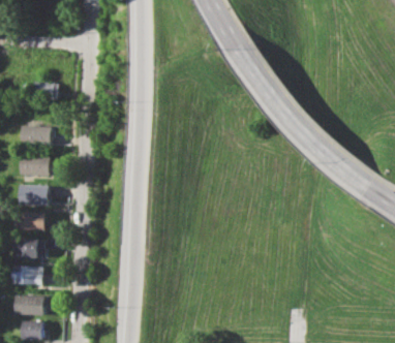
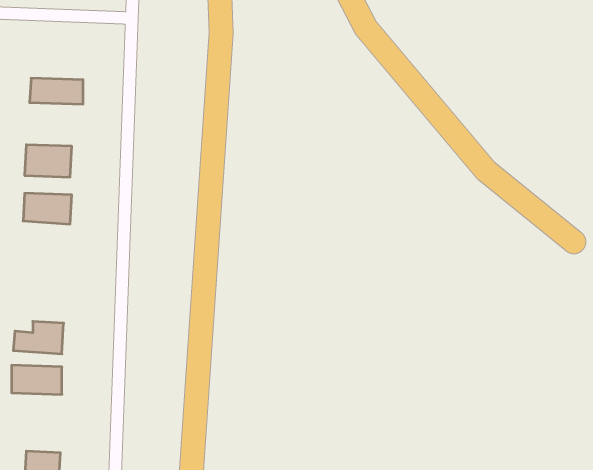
building: [17,185,49,206] -> none
building: [13,211,45,230] -> none
building: [13,294,43,316] -> none

